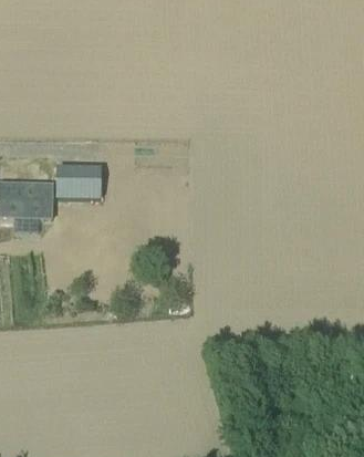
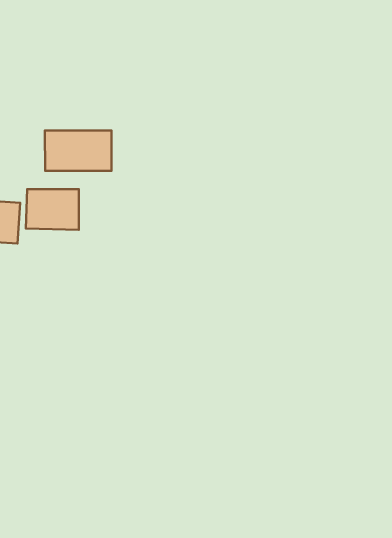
building: none -> [45,130,112,171]

